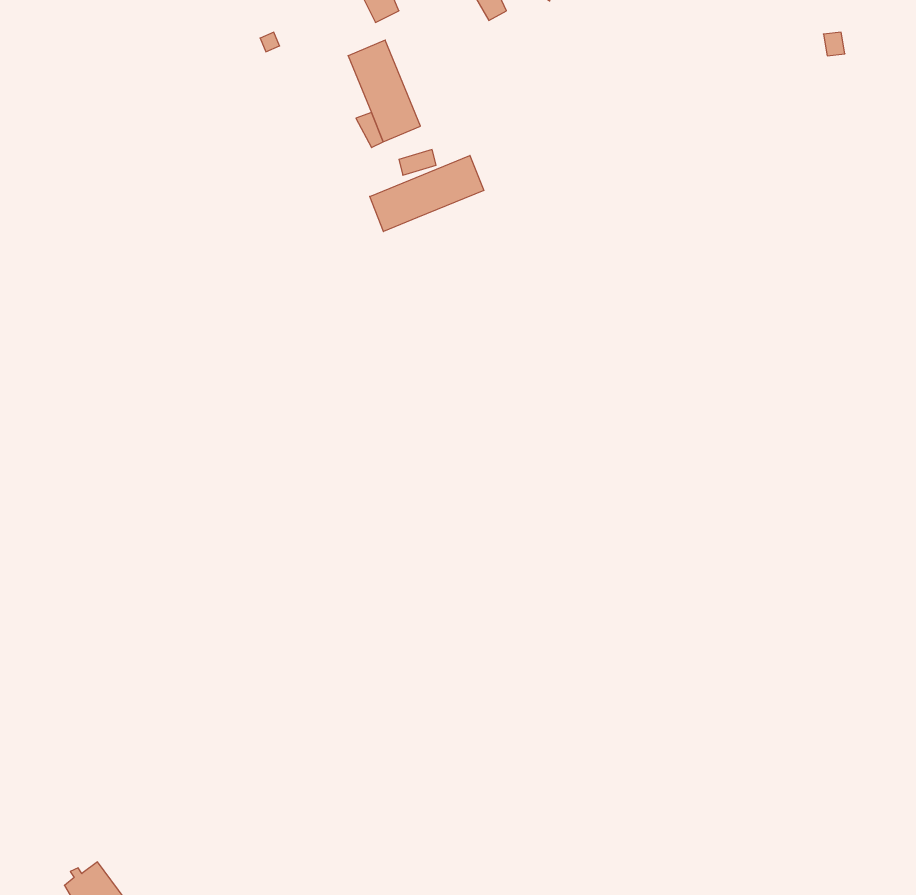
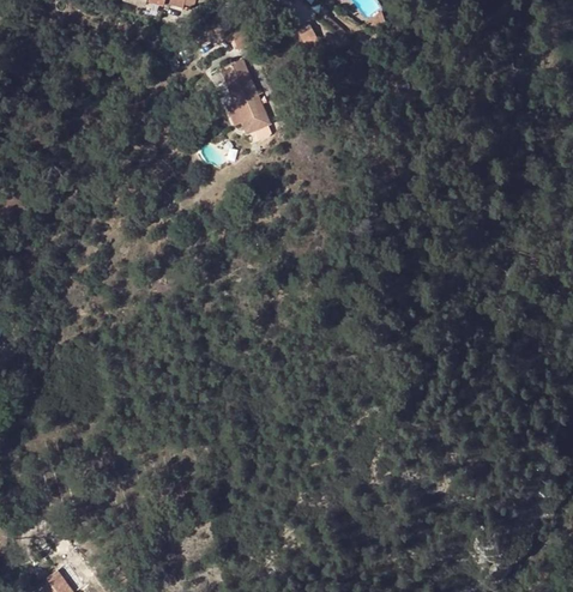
building: [370,155,484,232] -> none

